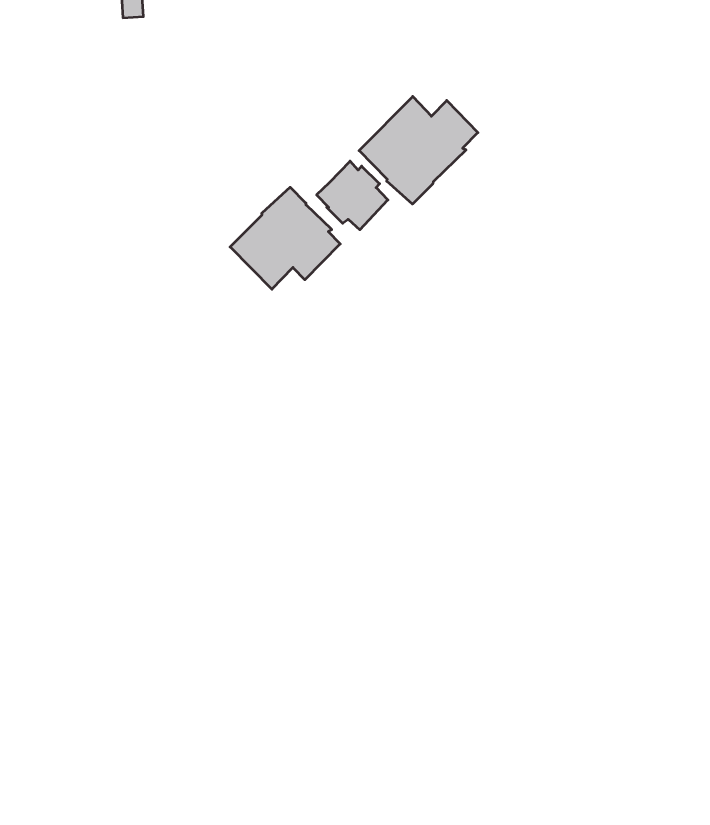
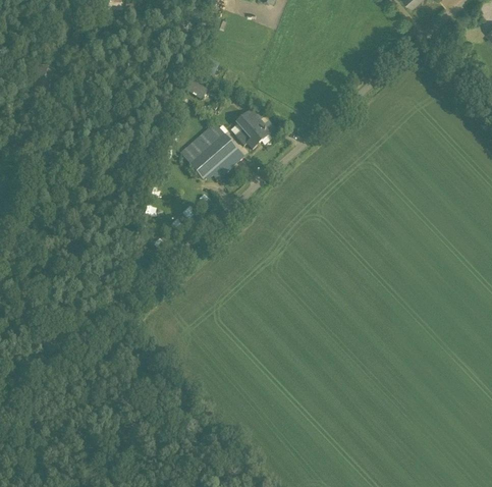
building: [359,96,478,204] -> none

